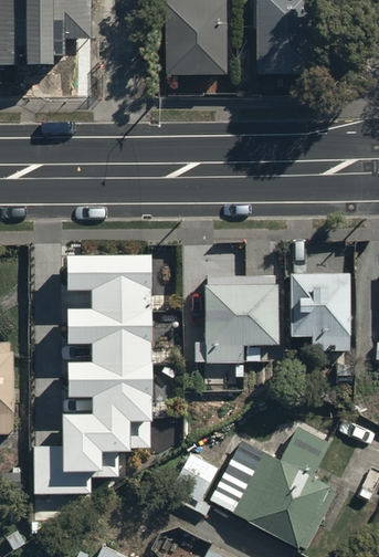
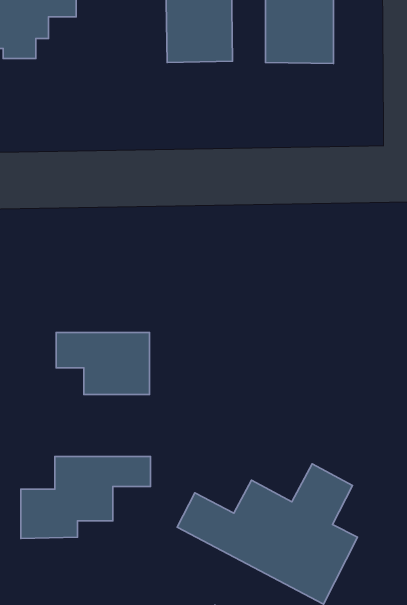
building: [70,258,151,309] -> none
building: [288,270,349,350] -> none
building: [201,277,277,364] -> none
building: [70,364,152,418] -> none

